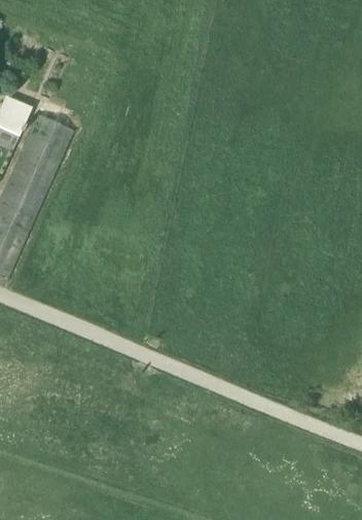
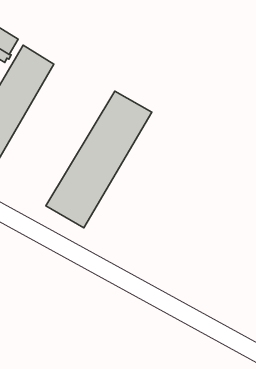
building: none -> [46,91,152,228]

